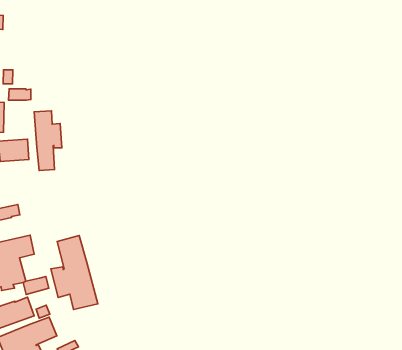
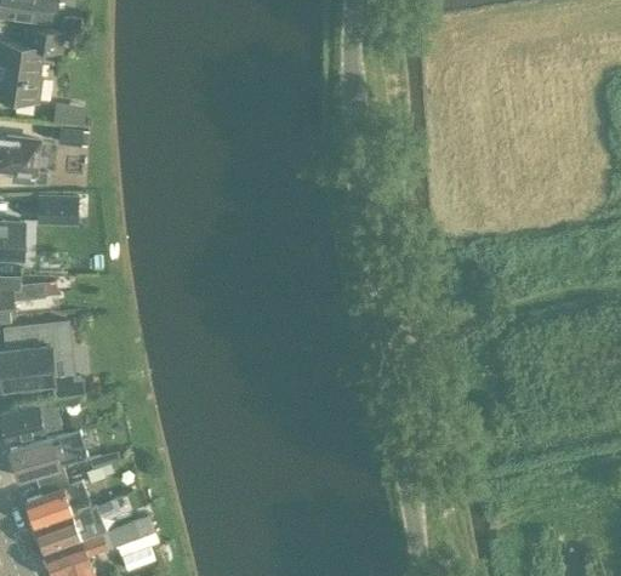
building: [34,111,62,171] -> none
building: [51,236,98,310] -> none

